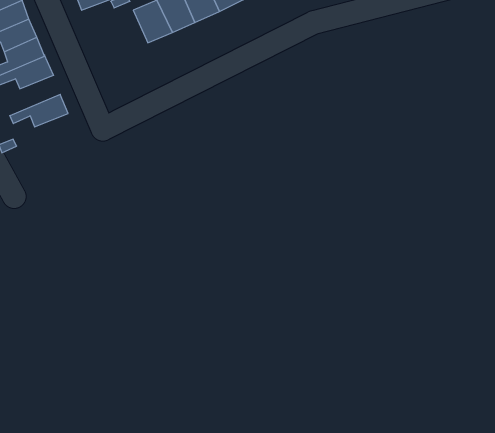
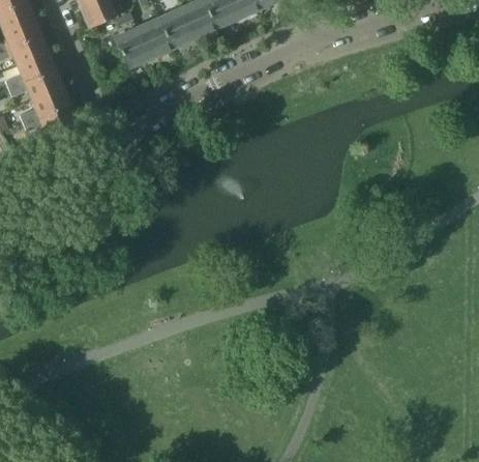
building: none -> [114,27,150,67]
building: none -> [20,87,70,124]

